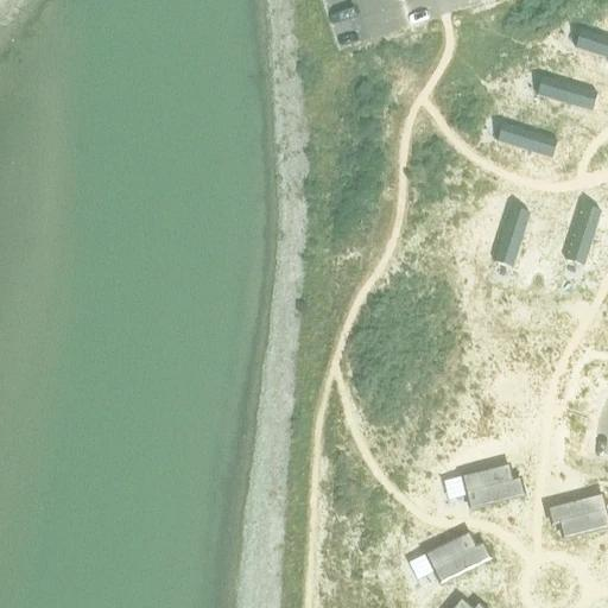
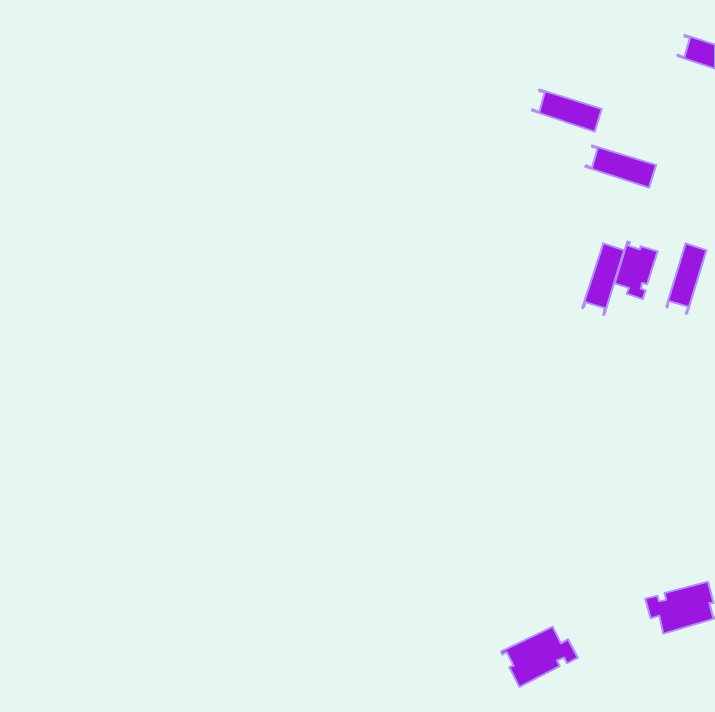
building: [537,76,596,112] -> [532,90,602,132]
building: none -> [615,241,658,299]
building: [462,464,524,508] -> none

